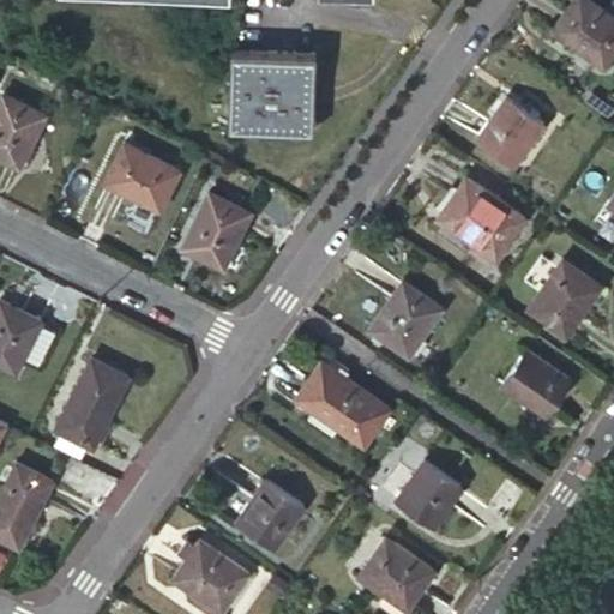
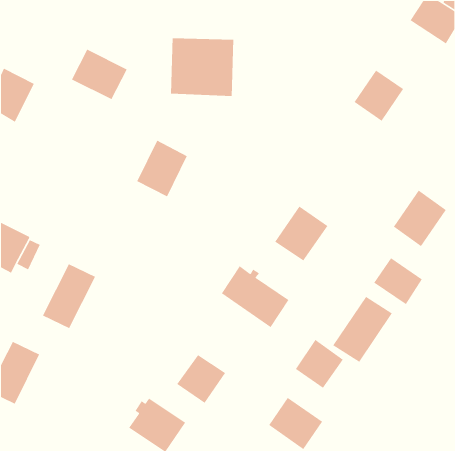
building: [107,140,183,210] -> [71,49,128,100]
building: [437,179,525,263] -> none
building: none -> [332,296,393,363]

